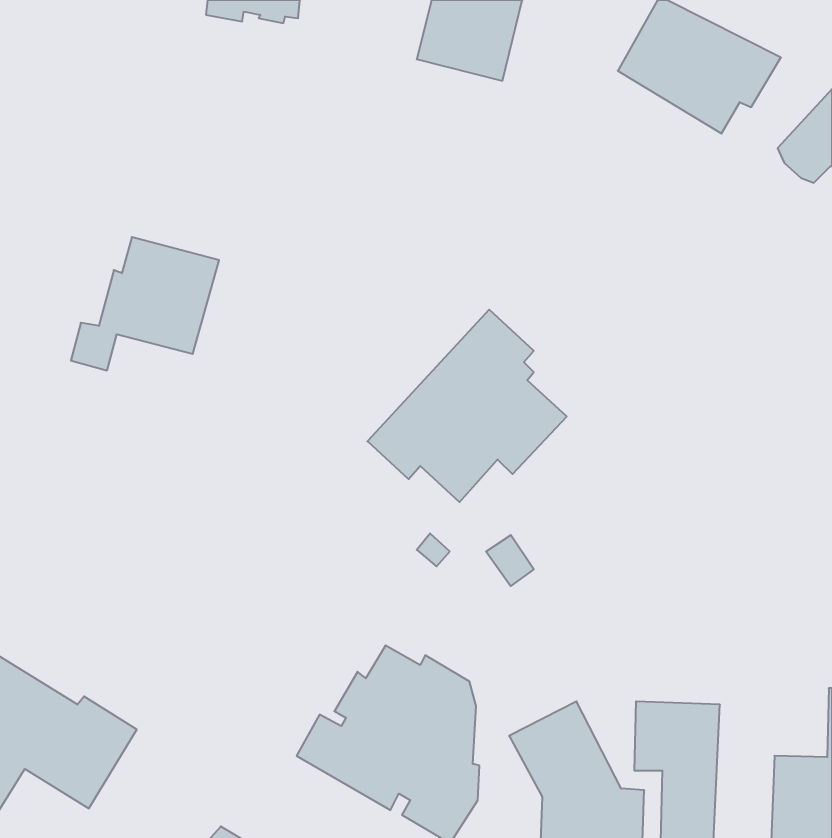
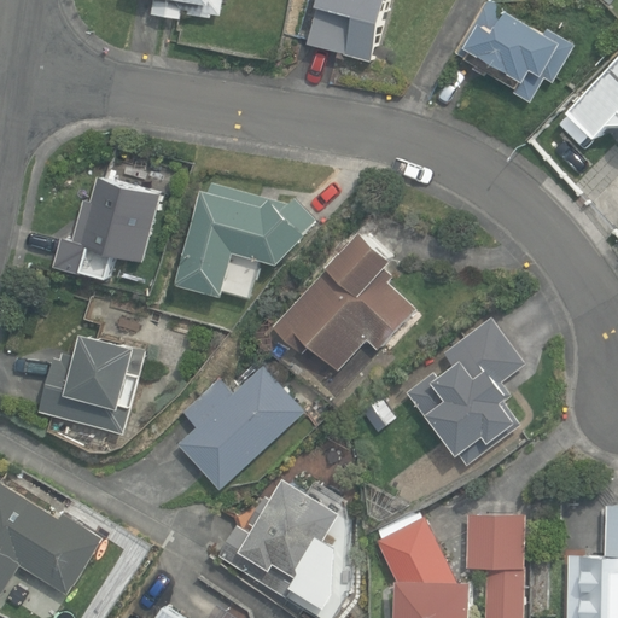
building: none -> [177,187,315,298]
building: none -> [404,317,524,464]
building: none -> [37,334,145,435]
building: none -> [176,366,303,490]

